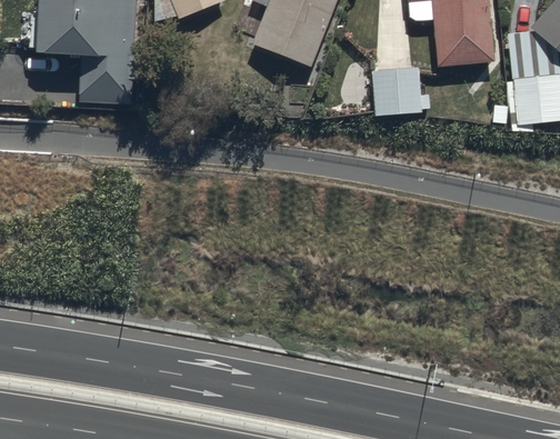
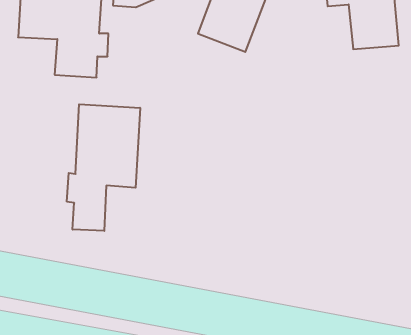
building: [370,66,429,116] -> none
building: none -> [67,104,140,231]

